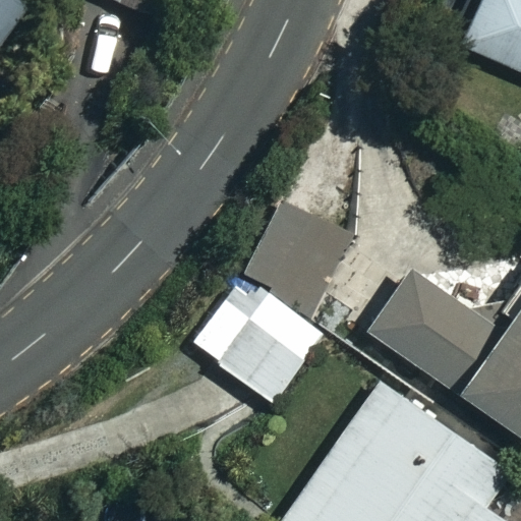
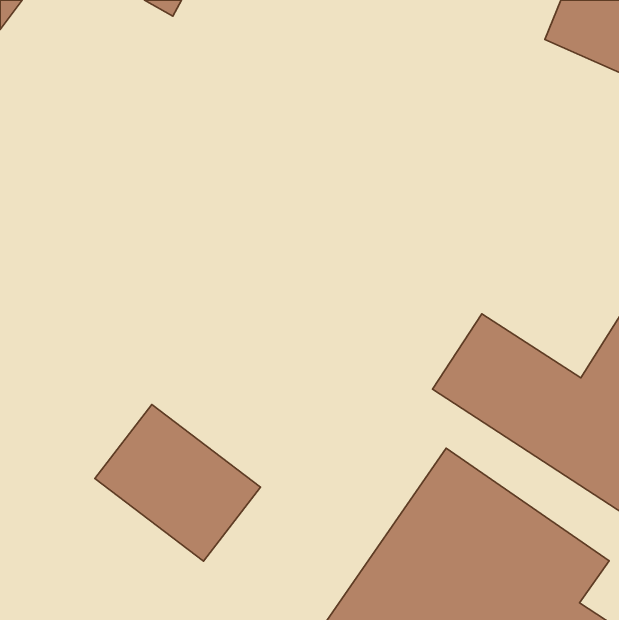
building: [252,208,357,310] -> none
building: [190,282,327,411] -> [95,404,260,561]

